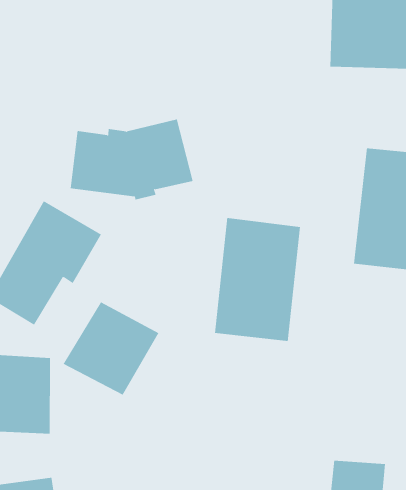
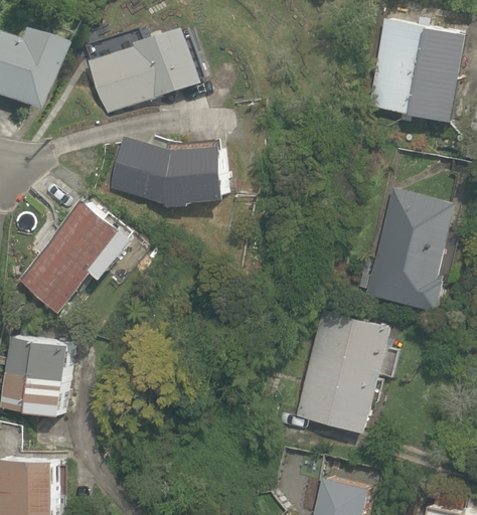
building: none -> [87,25,203,116]
building: [214,218,301,341] -> [295,310,389,434]
building: [63,301,159,395] -> none

